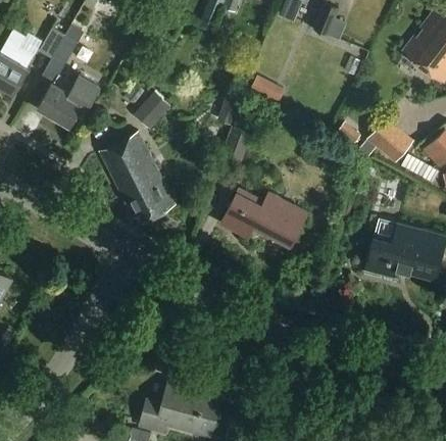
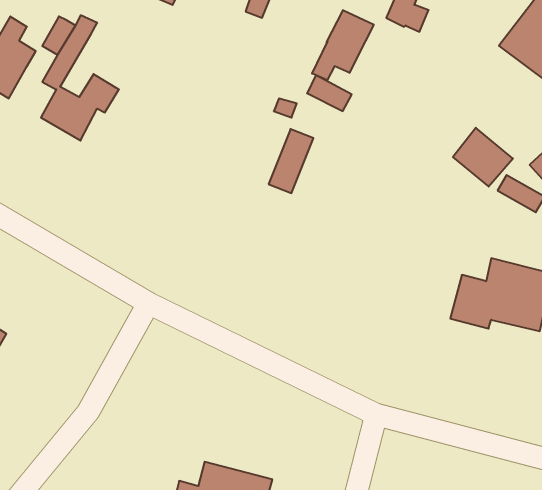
building: none -> [312,10,374,80]
building: [135,92,171,130] -> none
building: [101,133,177,222] -> none
building: [220,190,308,249] -> none

